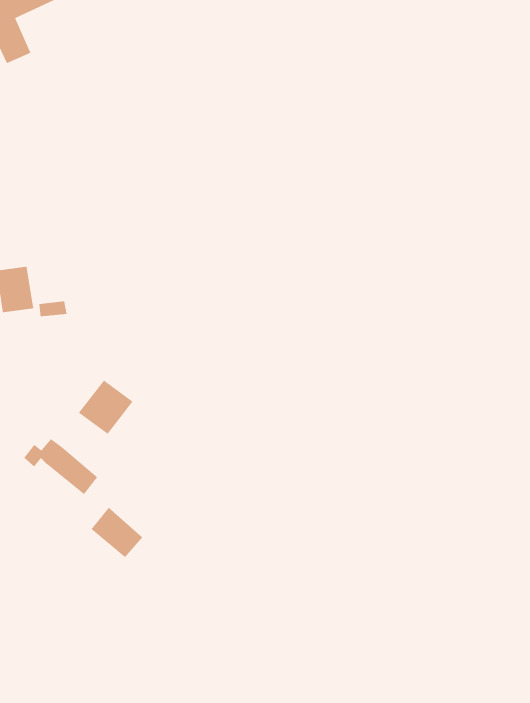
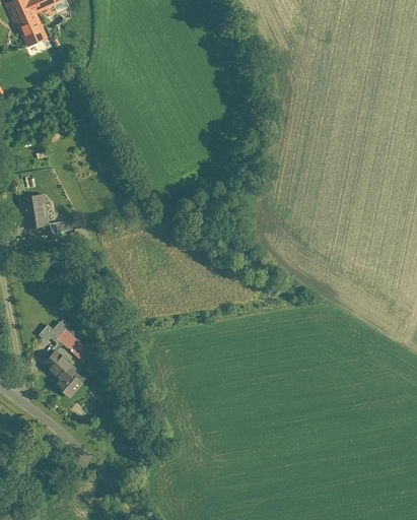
building: [78,380,134,435] -> none
building: [90,507,143,558] -> [44,348,82,386]

